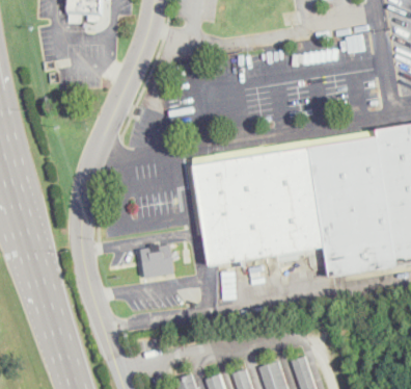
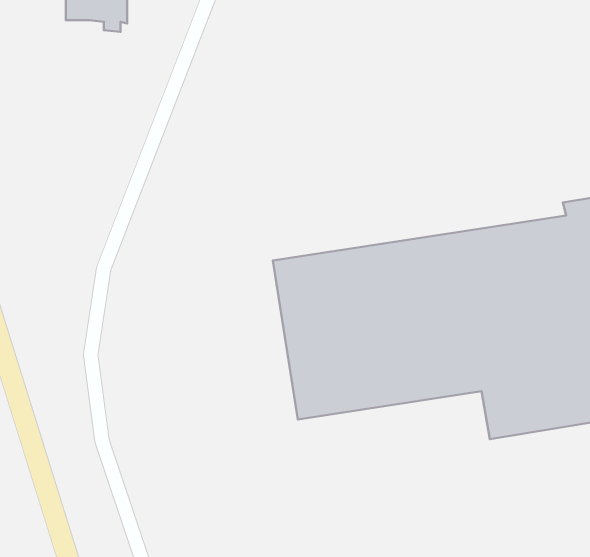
building: [140,243,174,277] -> none

